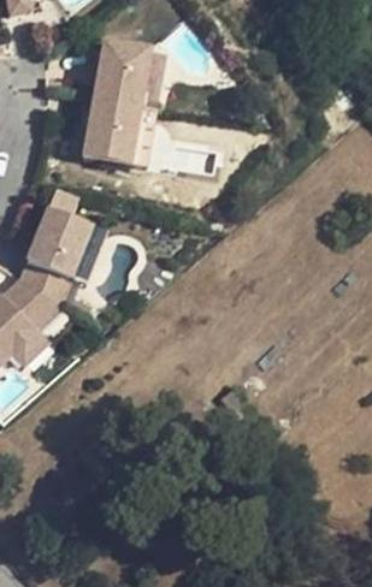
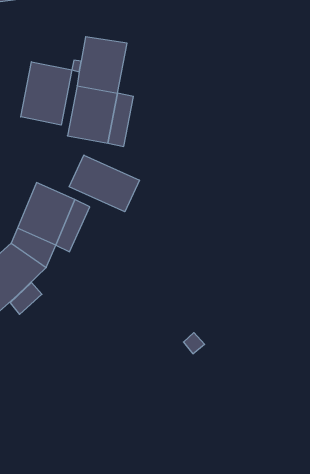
building: none -> [21,62,72,125]
building: none -> [69,155,139,212]

